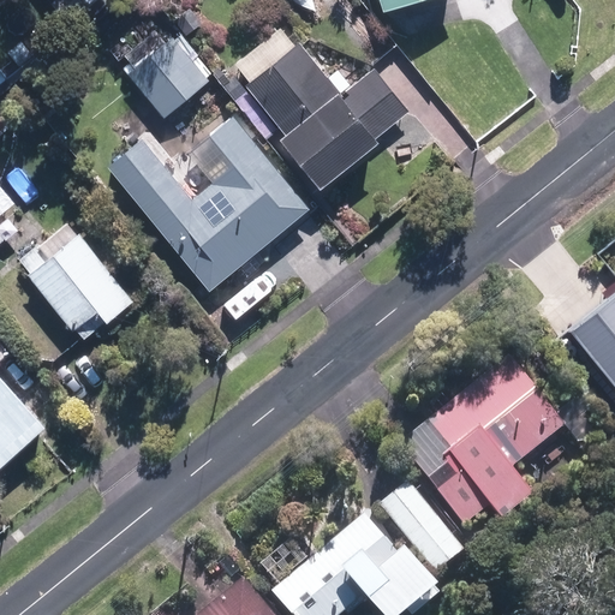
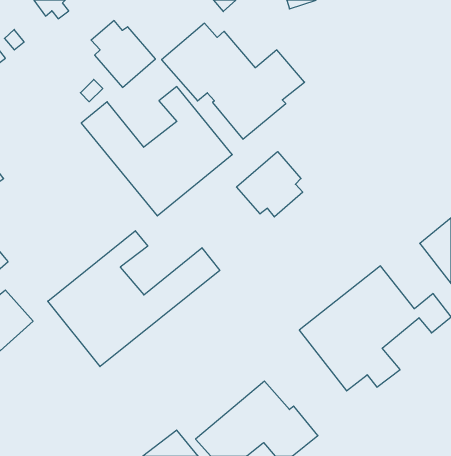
building: none -> [237,152,303,217]
building: [18,234,136,340] -> none
building: none -> [48,231,220,367]
building: [371,480,456,572] -> none

